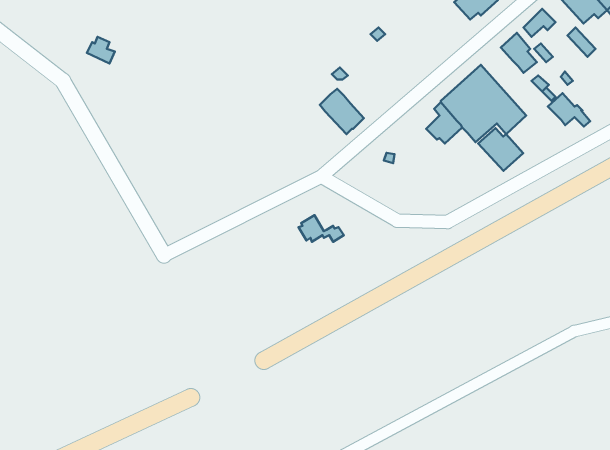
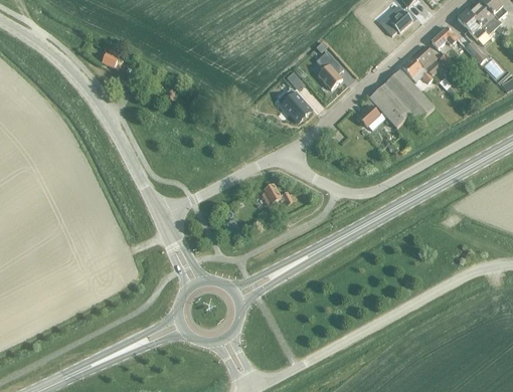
building: none -> [316,51,343,88]
building: [548,93,590,127] -> [401,57,434,82]
building: [478,128,523,171] -> none

